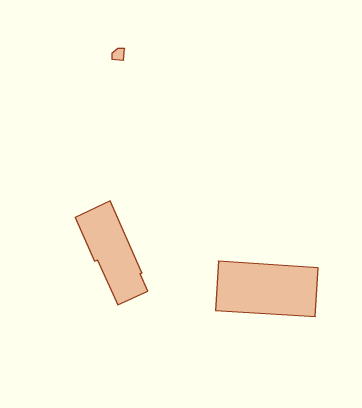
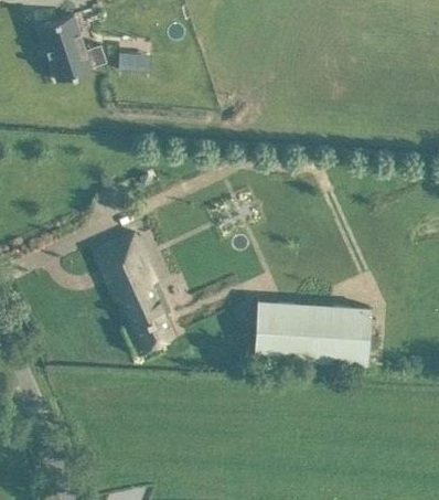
building: none -> [39,14,107,81]

